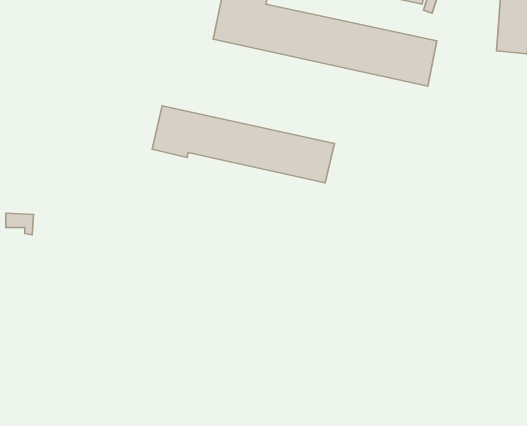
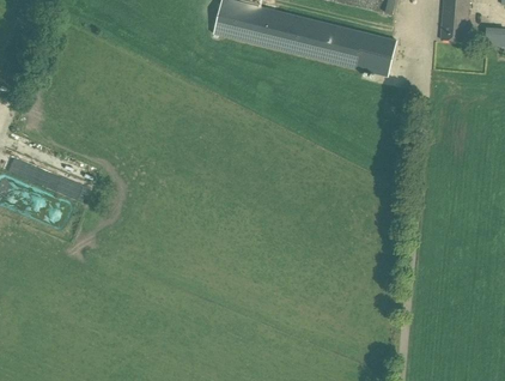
building: [152,106,335,183] -> none

